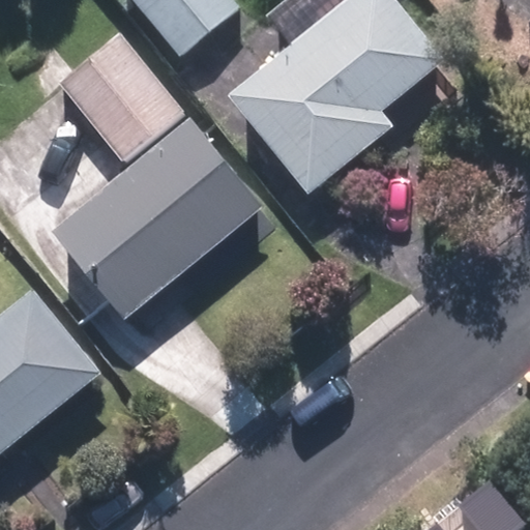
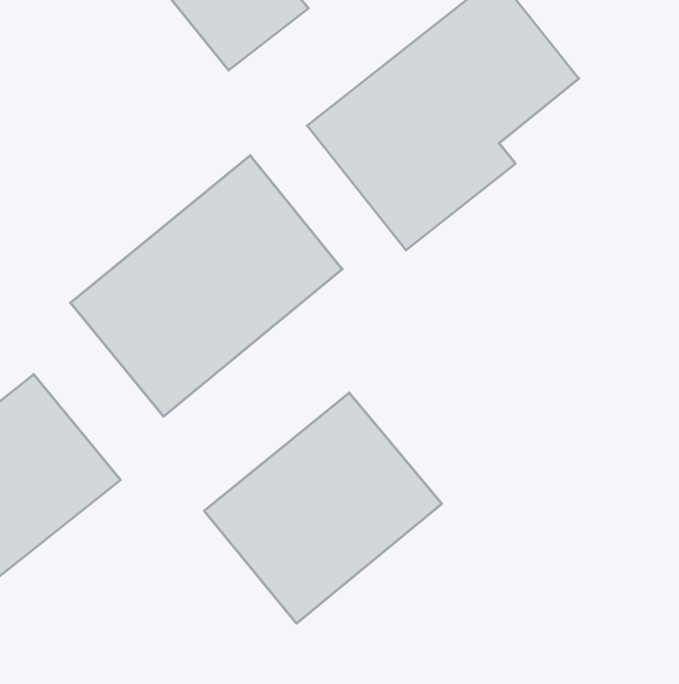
building: [57,30,180,156] -> none
building: none -> [204,393,442,623]

